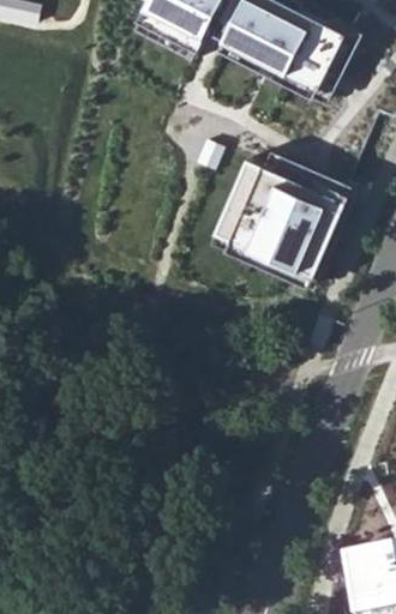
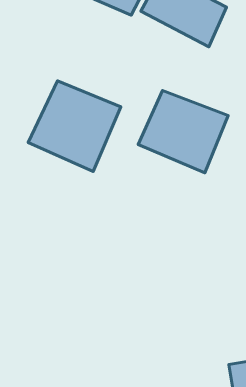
building: none -> [28,81,121,171]

